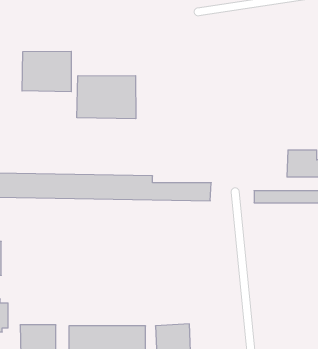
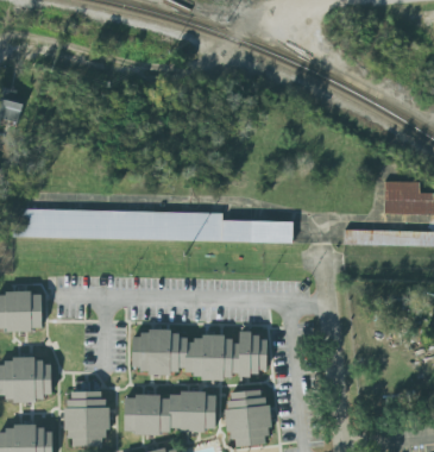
building: [22,51,71,92] -> none
building: [77,76,136,119] -> none
building: none -> [132,333,268,377]

